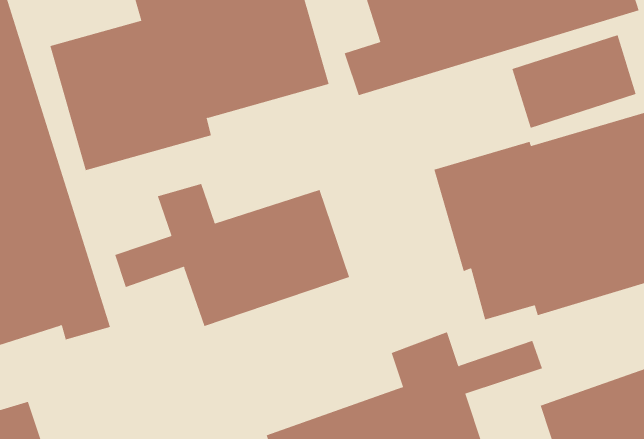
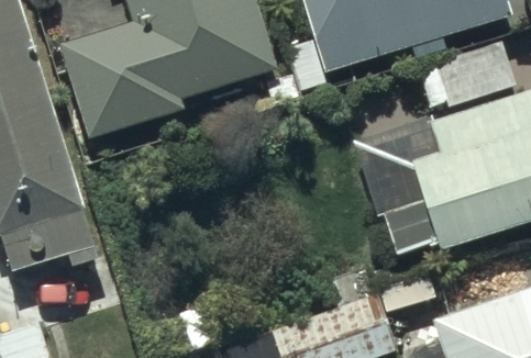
building: [114,183,350,327] -> none

